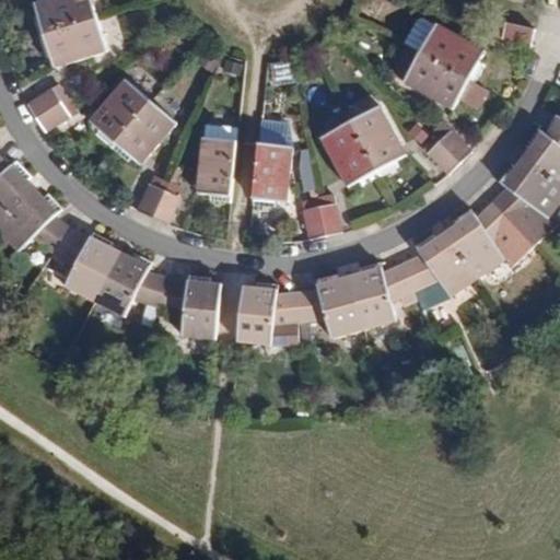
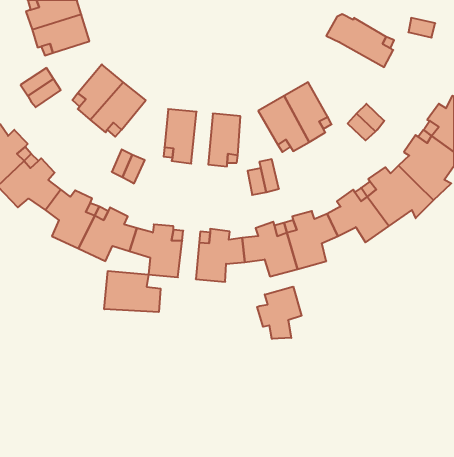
building: [399,51,483,109] -> none
building: none -> [104,271,161,312]
building: none -> [257,287,302,339]

